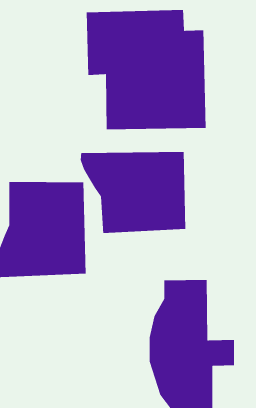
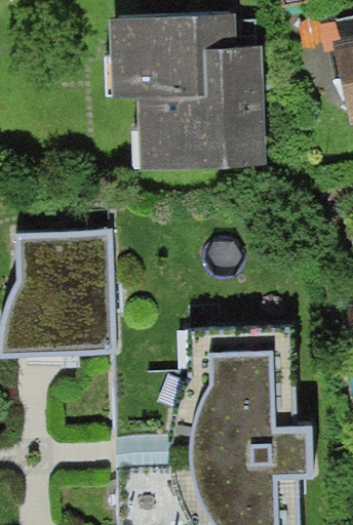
building: [80,151,186,234] -> none

